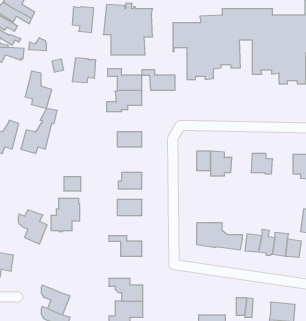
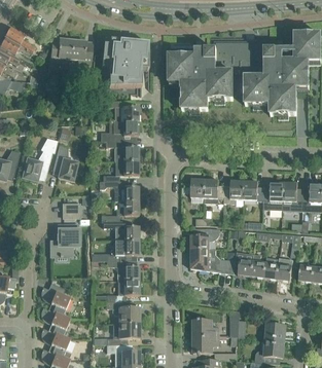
building: [72,58,96,82] -> [50,38,73,62]
building: [142,70,175,90] -> [107,141,139,160]
building: [25,71,52,109] -> [52,145,78,181]
building: none -> [100,180,139,199]
building: none -> [224,180,245,203]
building: none -> [263,182,284,206]
building: none -> [191,228,220,248]
building: [18,210,47,244] -> [42,283,70,316]
building: none -> [107,241,139,260]
building: none -> [107,280,140,301]
building: none -> [191,320,219,336]

